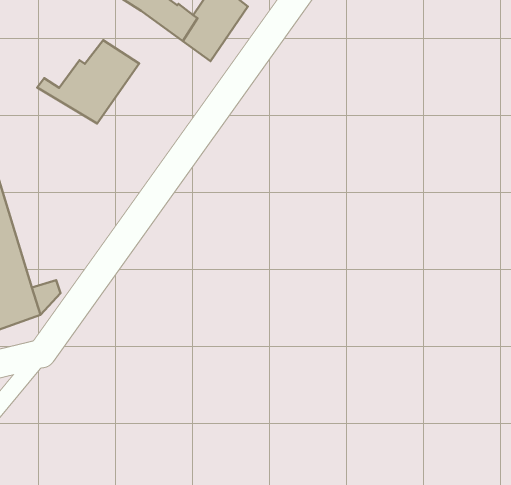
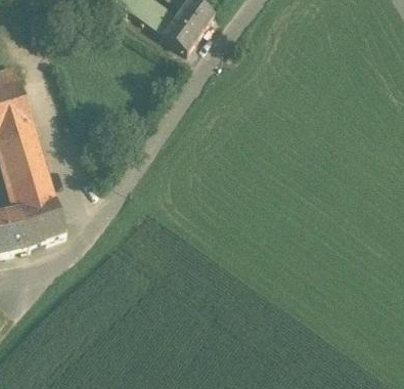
building: [37,40,139,124] -> none

